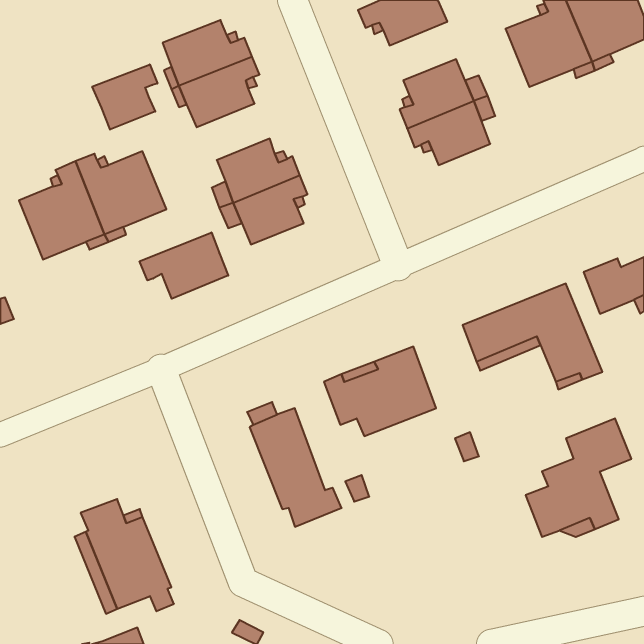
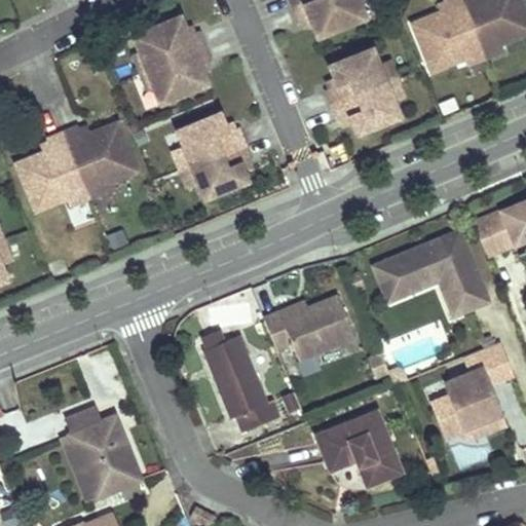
building: [92,64,157,130] -> none
building: [140,232,228,299] -> none
building: none -> [316,412,401,486]

